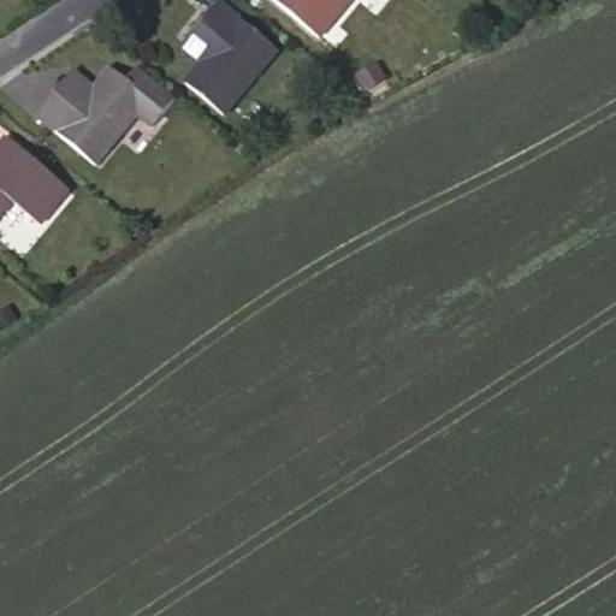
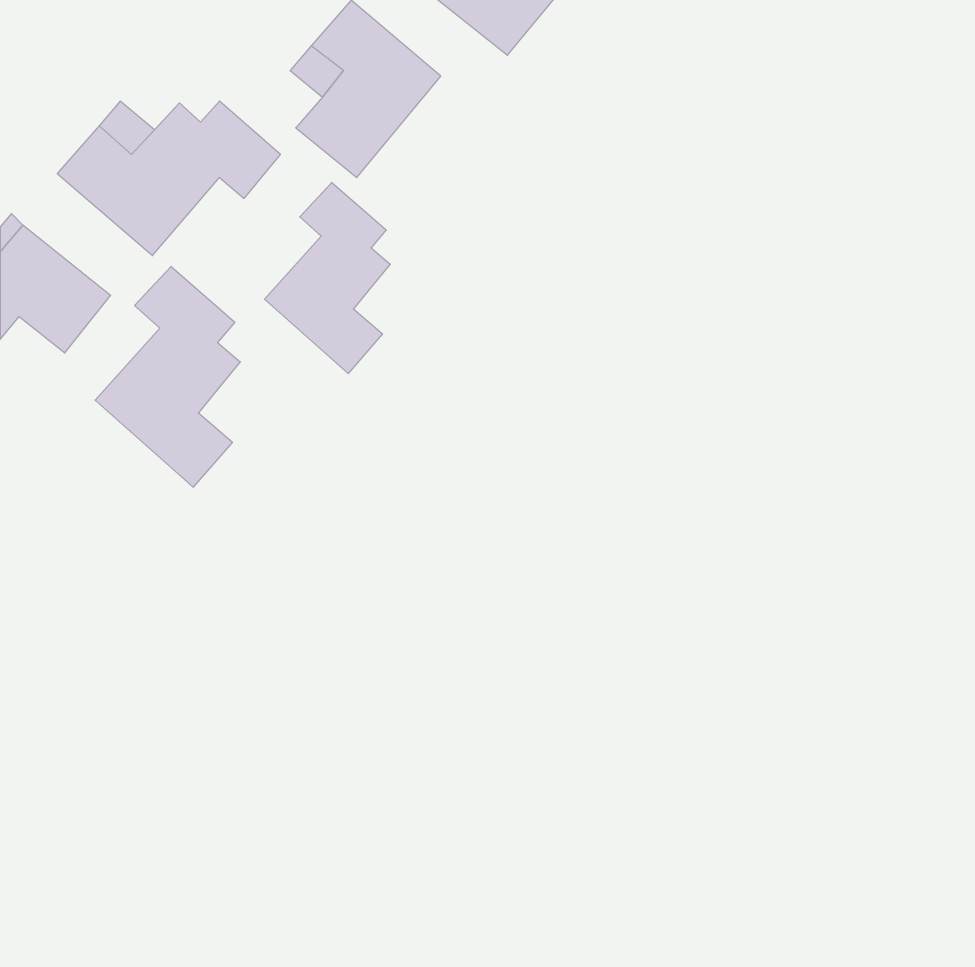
building: none -> [265,182,390,374]
building: none -> [95,266,240,487]

